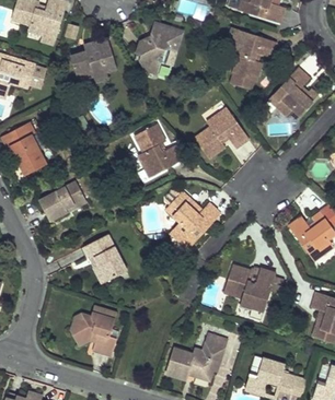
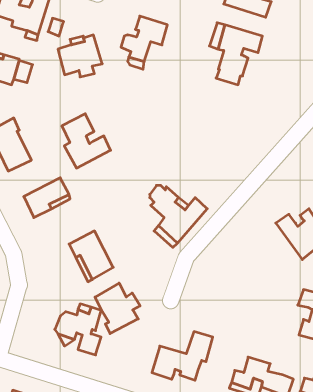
building: [267,67,319,116] -> none
building: [195,107,250,158] -> none
building: [135,123,183,177] -> [62,114,111,168]
building: [224,264,284,320] -> none
building: none -> [95,283,140,334]

